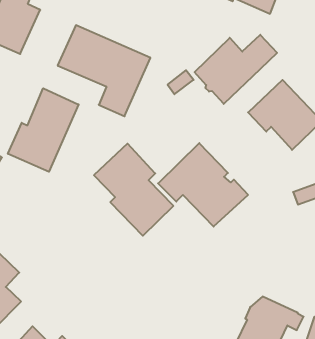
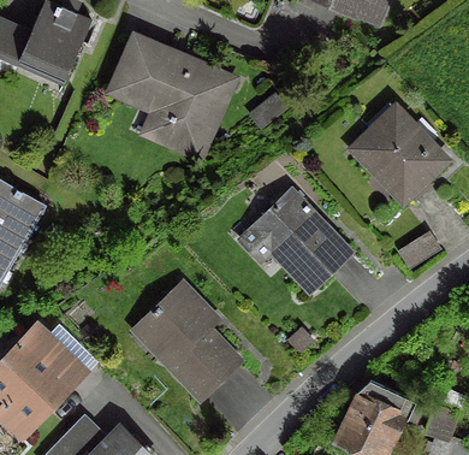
building: [195,35,277,104] -> none
building: [8,88,79,172] -> none
building: [94,144,173,236] -> [139,283,239,398]

